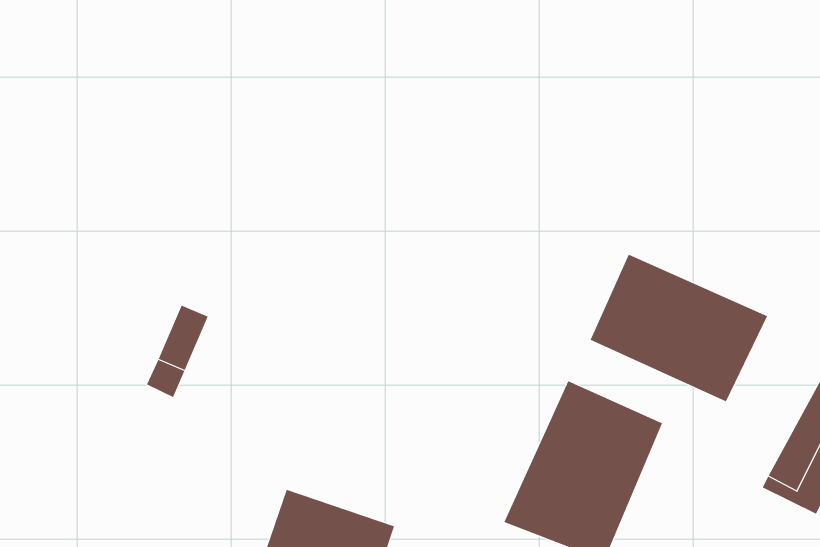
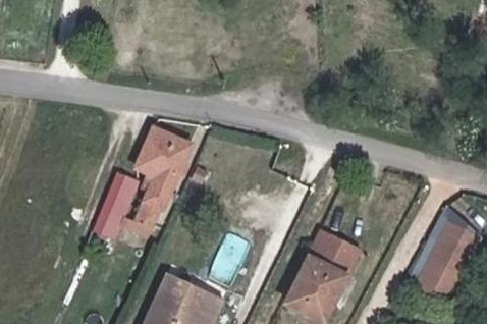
building: none -> [141,133,194,228]
building: [590,254,768,402] -> none

